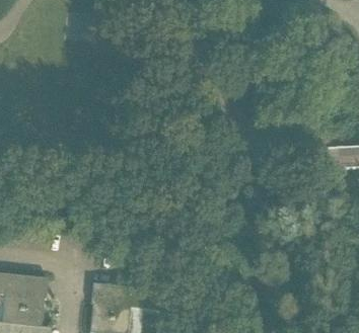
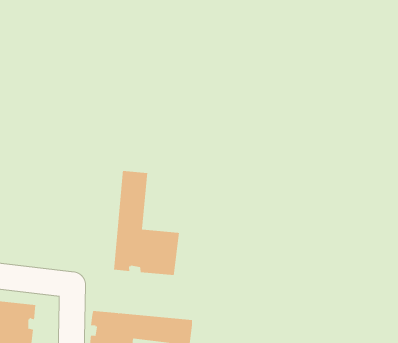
building: none -> [113,170,179,276]

